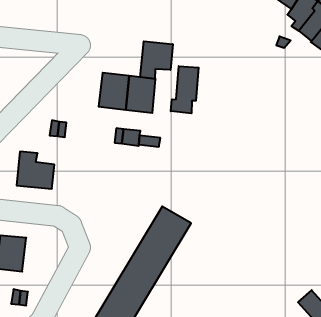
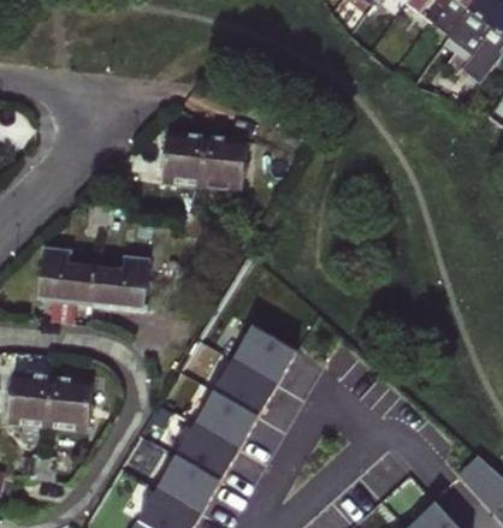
building: [140,41,173,79] -> none
building: [171,66,199,113] -> none
building: none -> [89,256,147,309]
building: none -> [45,376,90,432]

